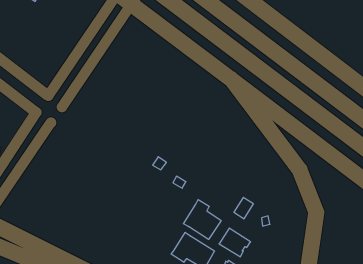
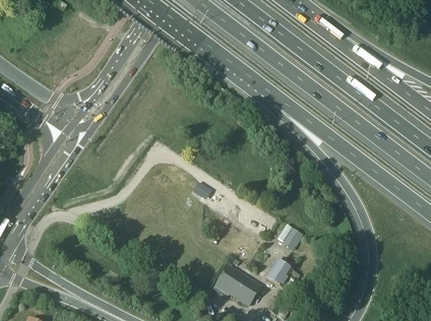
building: [183,200,221,239] -> none

